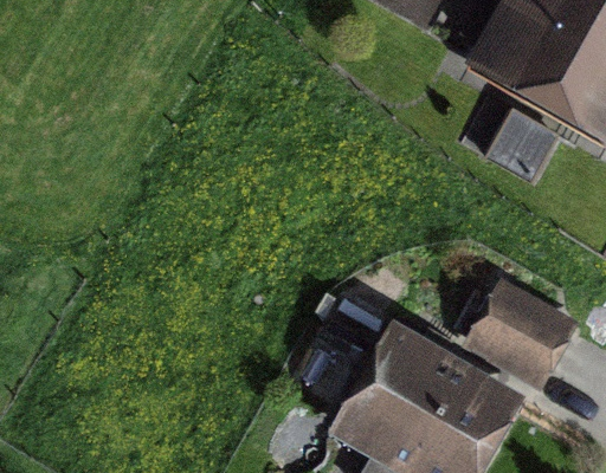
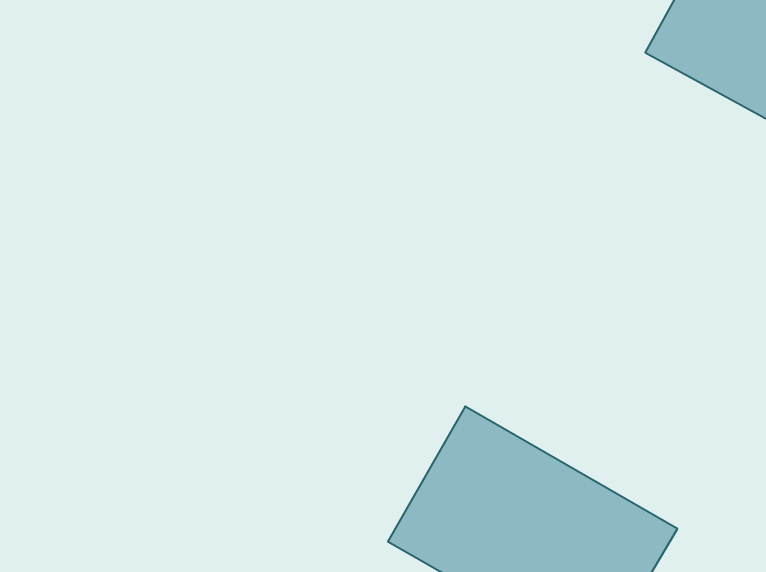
building: [428,283,556,401] -> none

